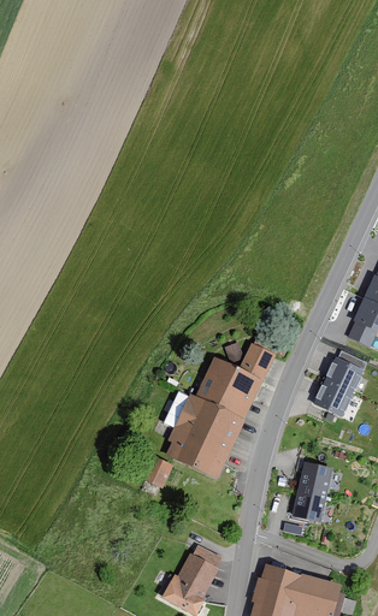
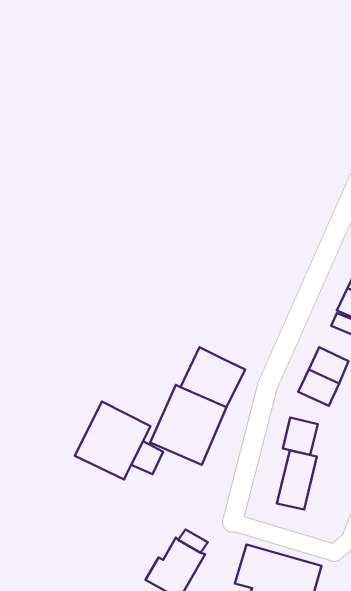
building: [237,344,272,380] -> none
building: none -> [75,402,150,479]
building: none -> [283,418,318,455]

